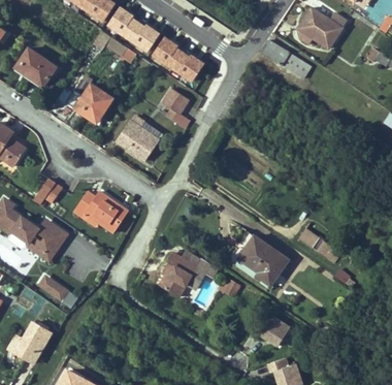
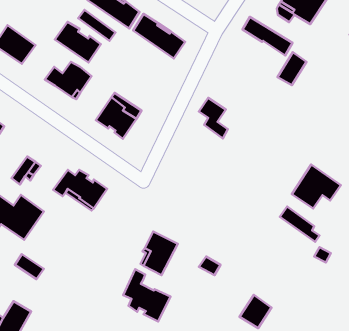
building: none -> [55,22,101,62]
building: none -> [278,52,307,85]
building: [161,89,190,129] -> [199,98,228,138]
building: none -> [292,164,341,209]
building: [237,236,287,285] -> none
building: none -> [123,269,171,321]

